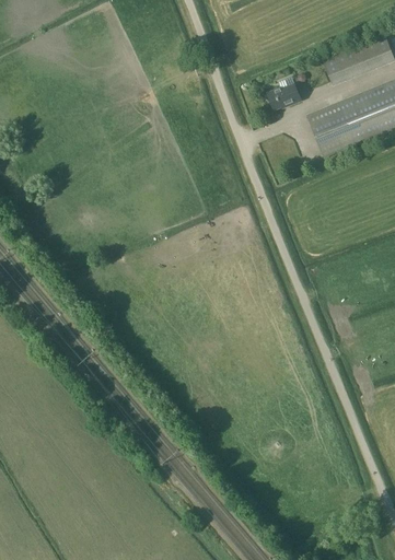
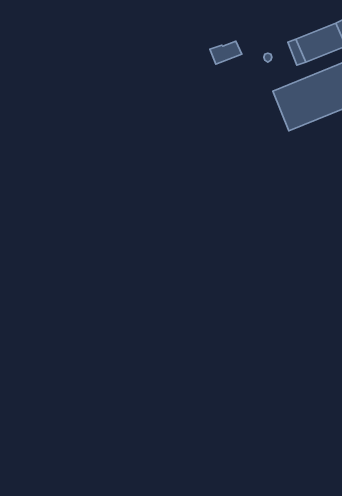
building: [266,83,301,108] -> [210,41,242,64]

